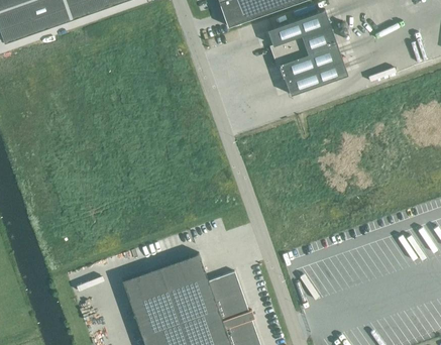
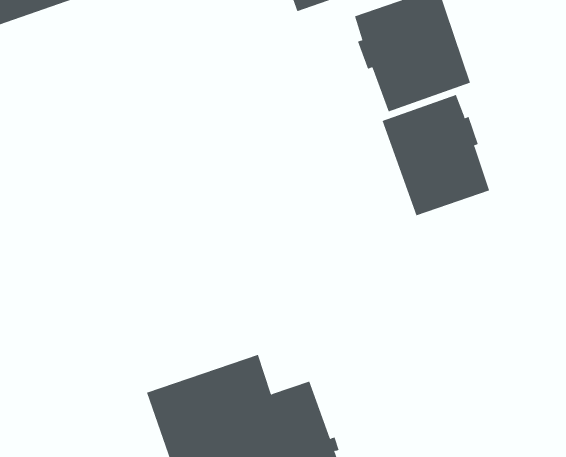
building: none -> [382,94,490,216]

